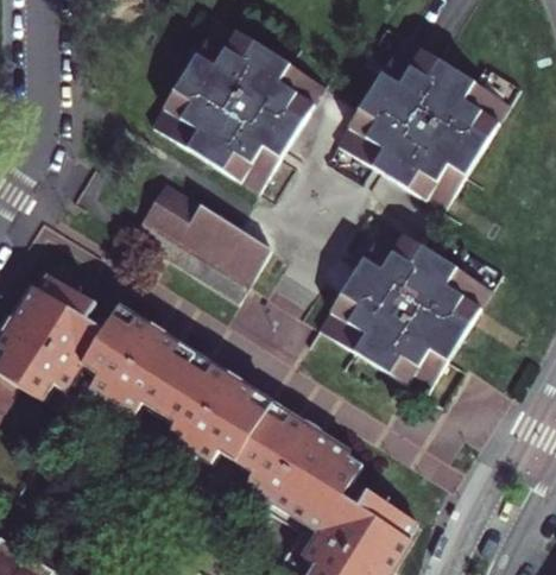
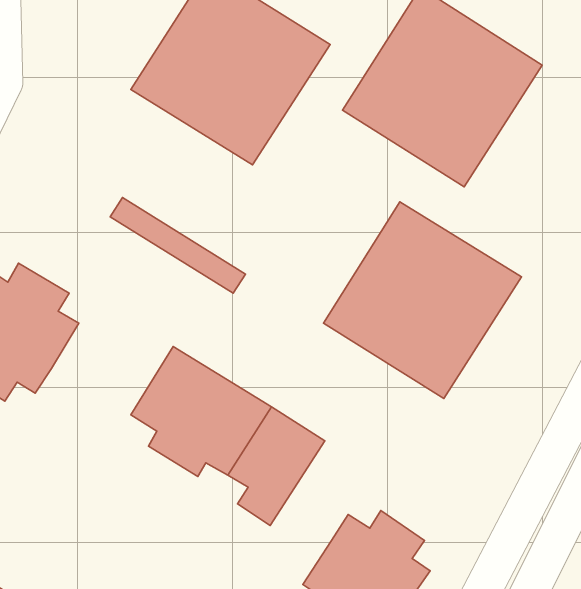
building: [145,183,274,286] -> none
building: [83,307,189,417] -> none
building: [273,431,354,525] -> none

